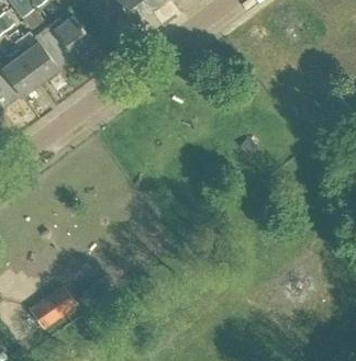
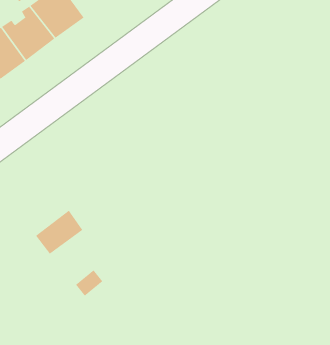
building: [31,285,76,327] -> [35,210,83,254]

